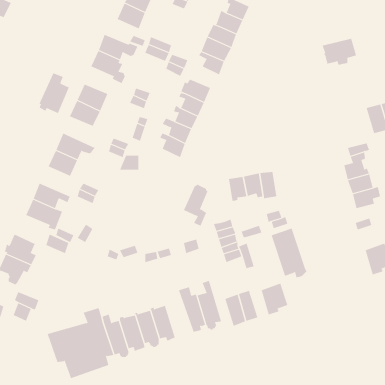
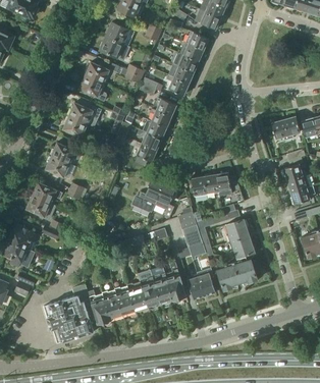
building: [322,38,357,66] -> [272,117,301,140]
building: [38,73,69,114] -> none
building: none -> [135,178,163,206]
building: none -> [233,256,257,282]
building: none -> [138,270,161,310]

